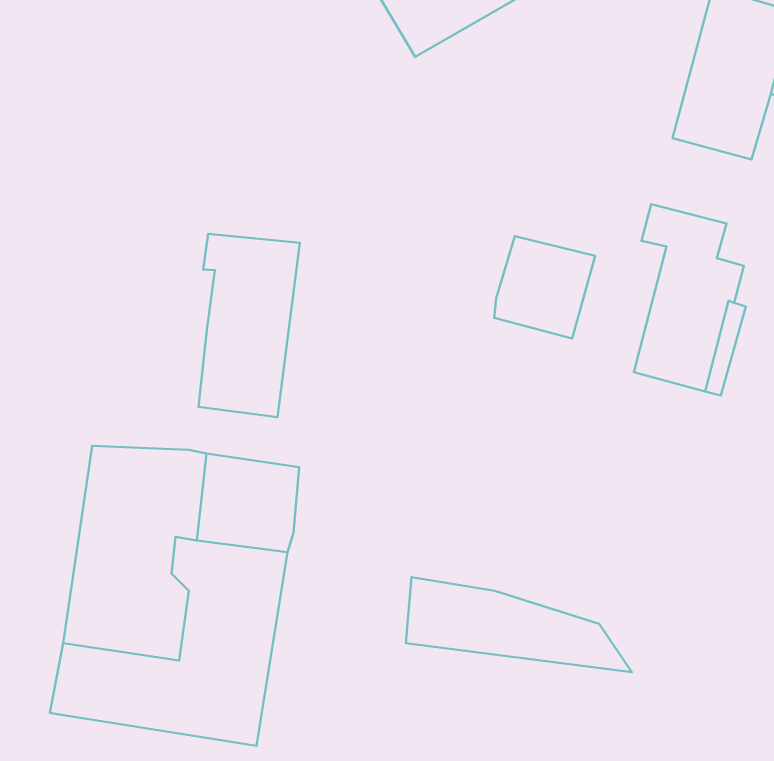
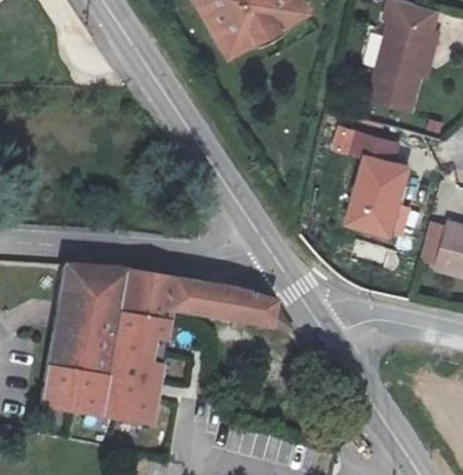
building: [199,234,300,417] -> none
building: [494,236,595,339] -> none
building: [406,577,632,672] -> [168,275,288,325]

